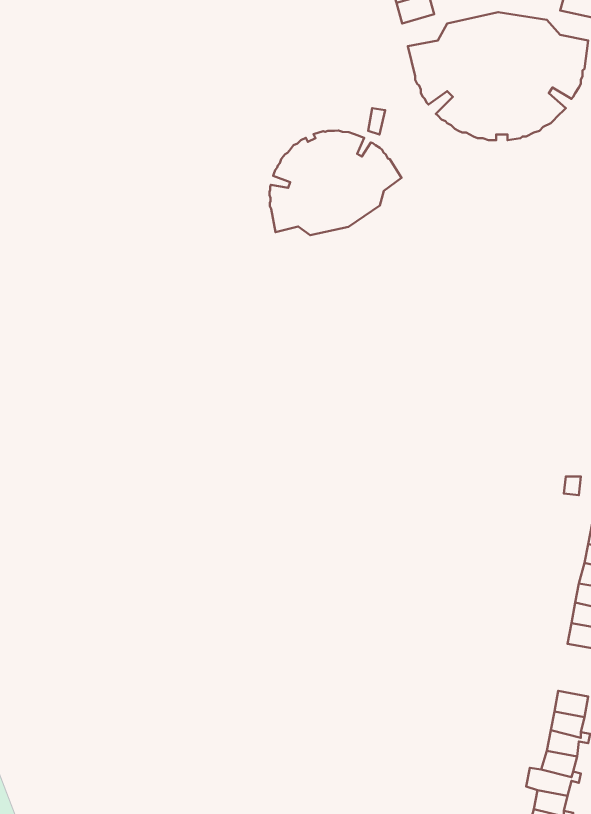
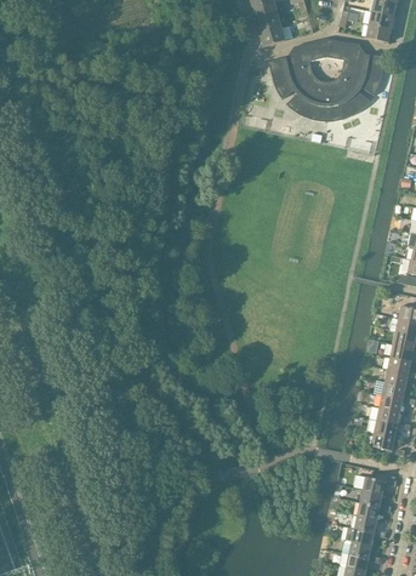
building: [269,130,401,235] -> none

